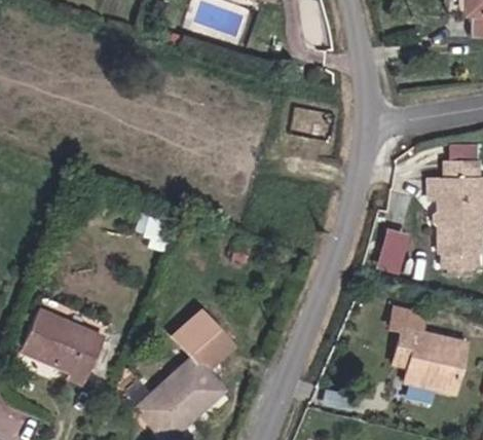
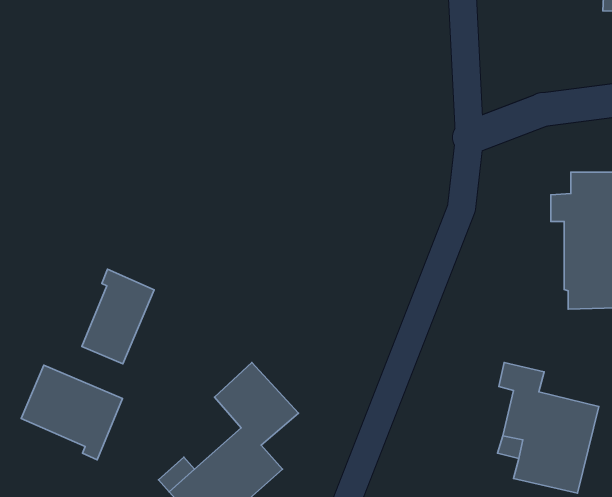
building: [375,224,410,270] -> none
building: none -> [82,269,154,364]

